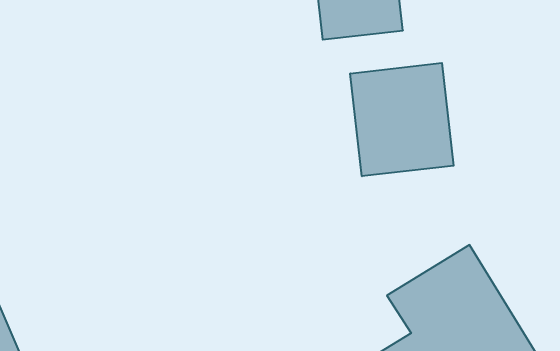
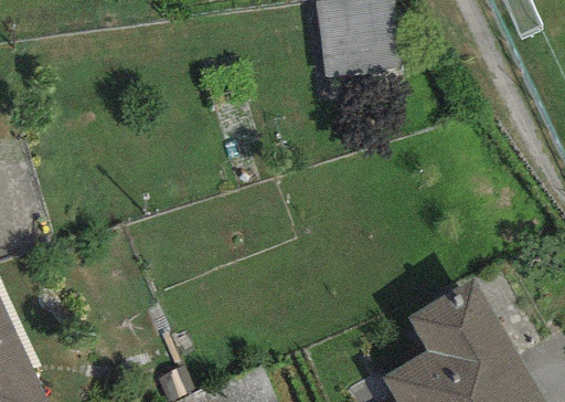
building: [350,63,454,176] -> none

